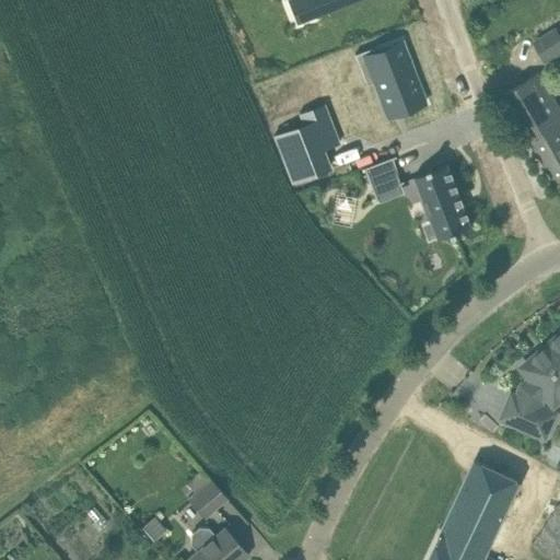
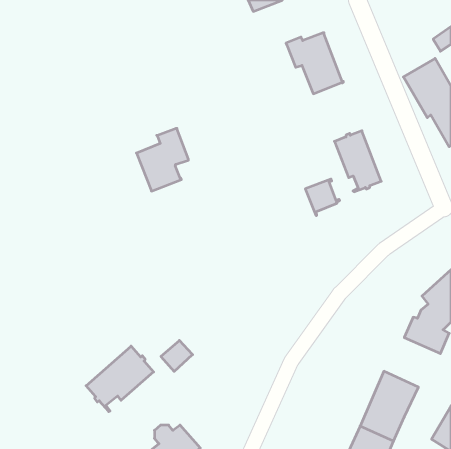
building: [273,104,338,182] -> [136,128,188,191]
building: [363,158,406,202] -> [305,179,340,215]
building: none -> [86,346,154,412]
building: [188,482,228,521] -> [161,340,193,371]

